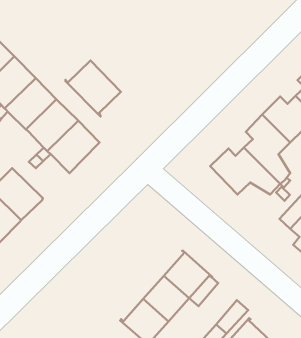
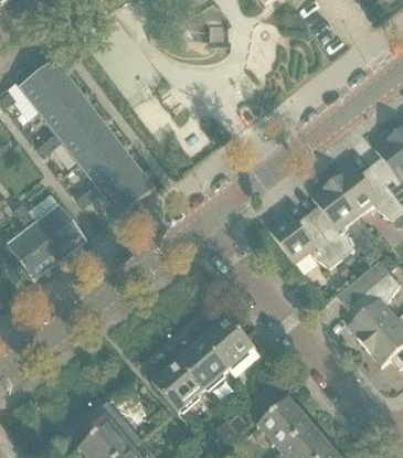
building: [66,61,121,117] -> none

